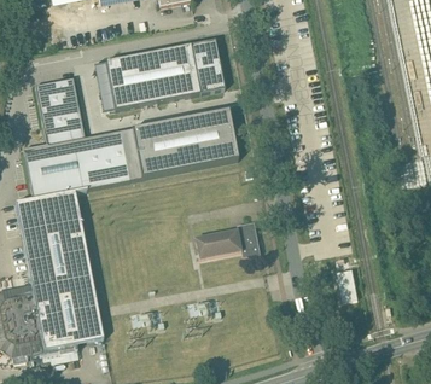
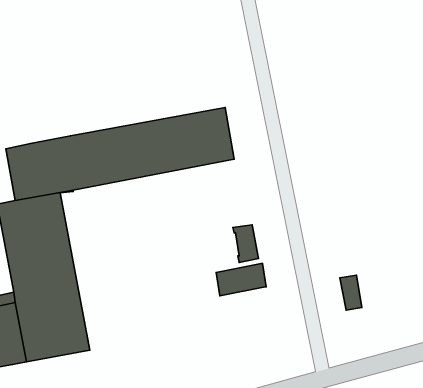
building: [93,39,223,110] -> none
building: [35,77,85,145] -> none
building: [196,228,243,258] -> [216,264,266,296]

